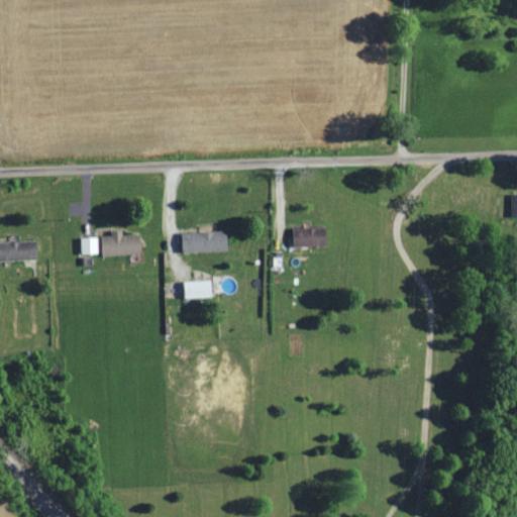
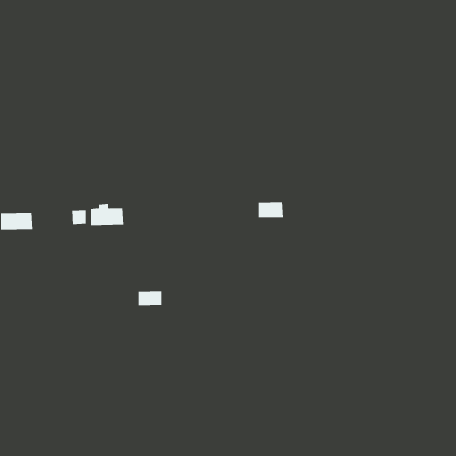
building: [181,231,228,252] -> none
building: [185,281,212,298] -> [138,291,162,306]

